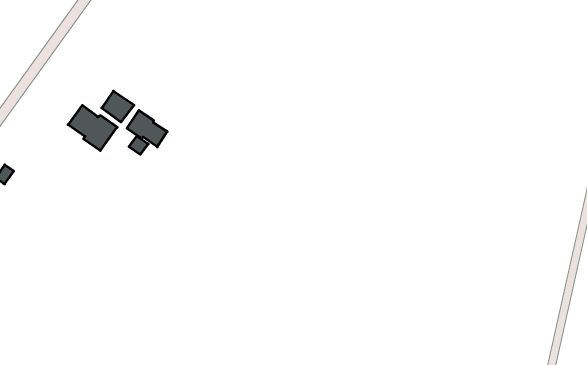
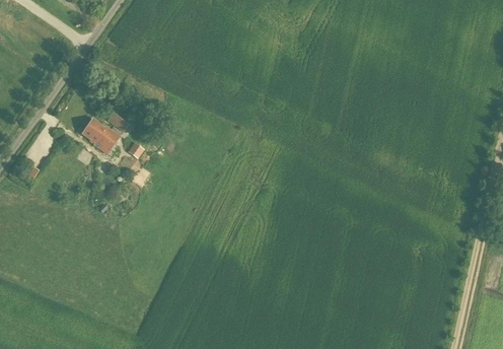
building: [127,110,167,147] -> none

